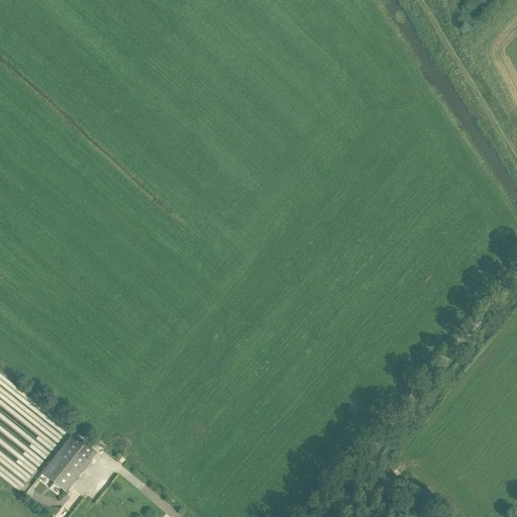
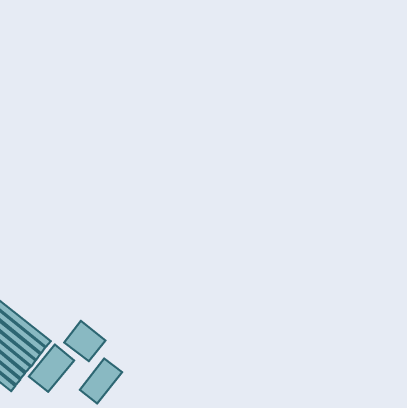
building: none -> [64,321,105,361]
building: none -> [80,358,122,404]

